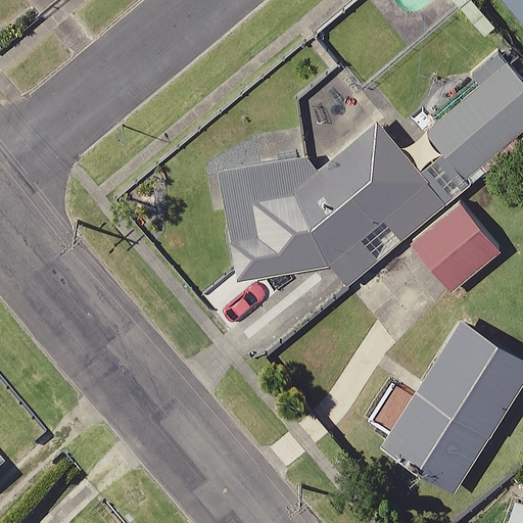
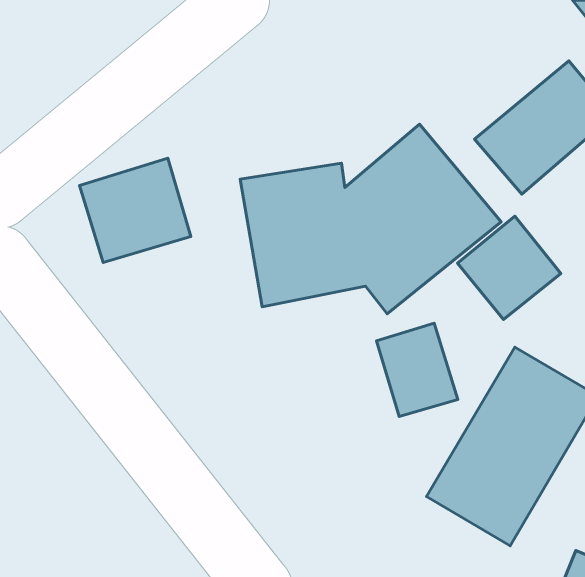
building: none -> [80,158,191,263]
building: none -> [376,323,458,416]

